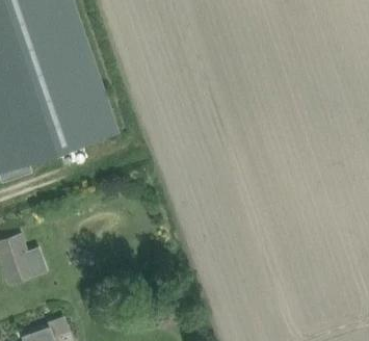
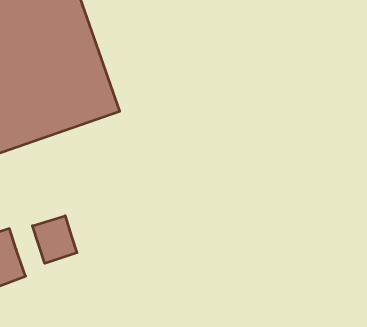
building: none -> [32,216,77,263]

